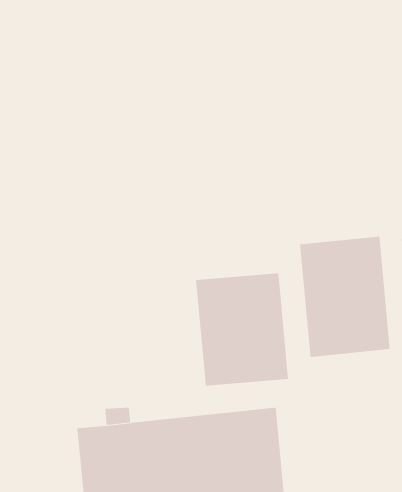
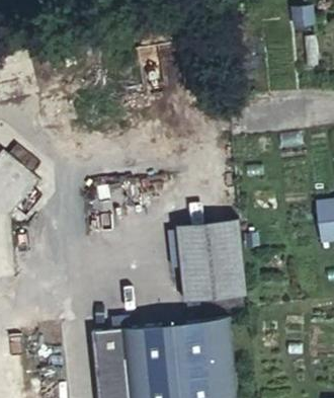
building: [300,236,390,358] -> none

